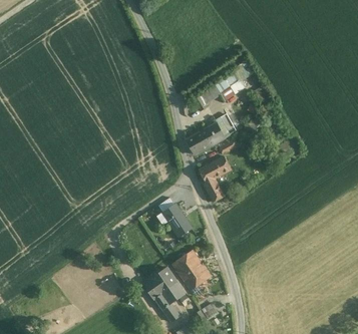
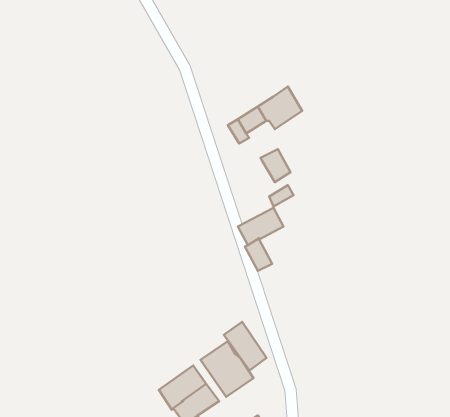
building: [187,123,226,155] -> none
building: [162,203,193,237] -> [224,322,267,371]

